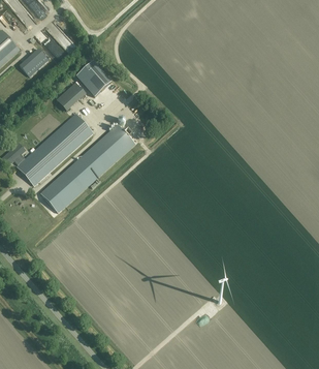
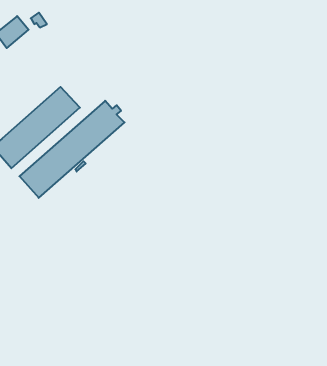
building: [79,64,115,100] -> none
building: [54,82,85,111] -> none

